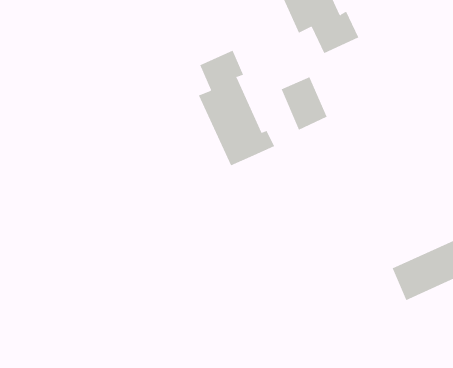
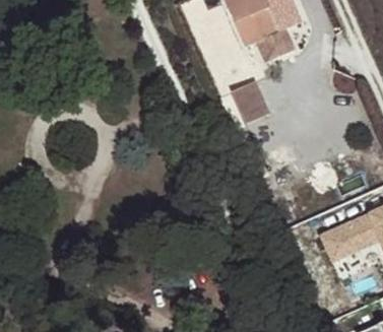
building: [198,50,275,166] -> none

